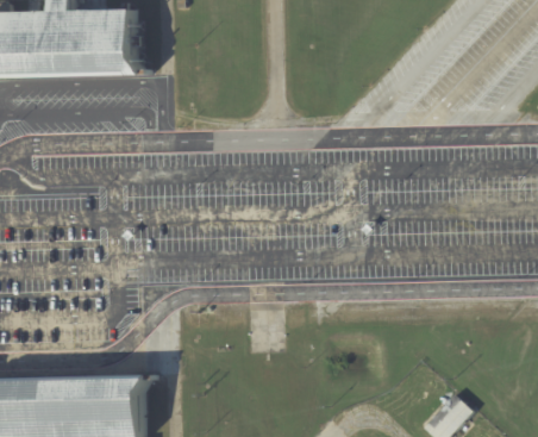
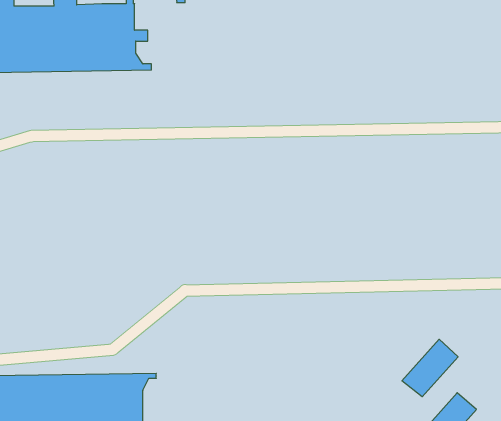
building: none -> [402,339,458,397]

